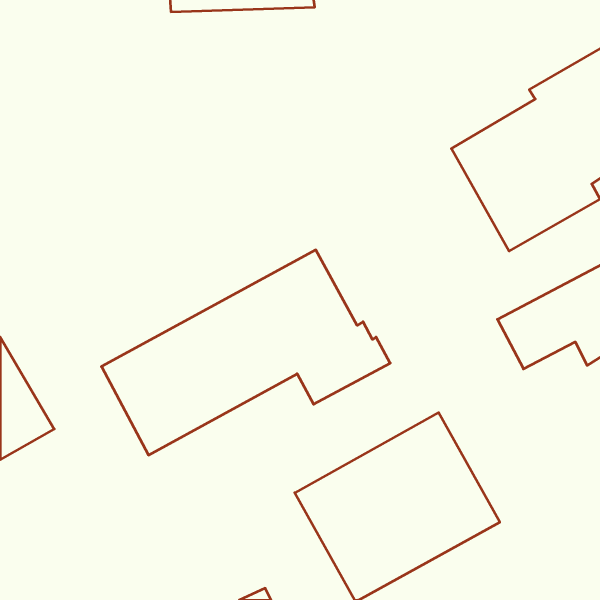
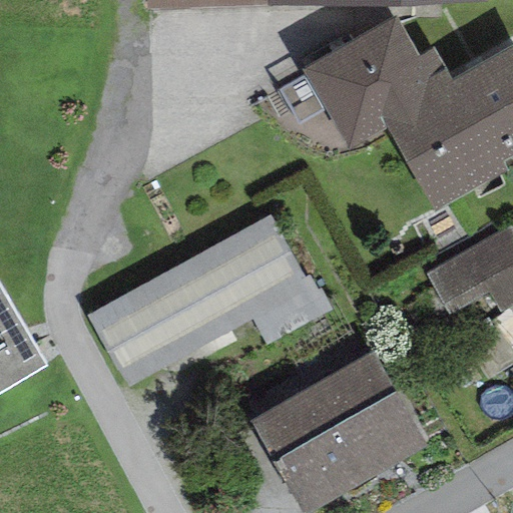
building: none -> [304,15,457,148]

